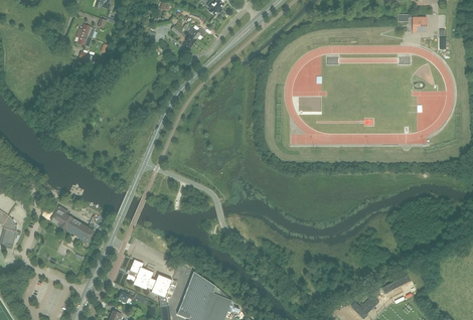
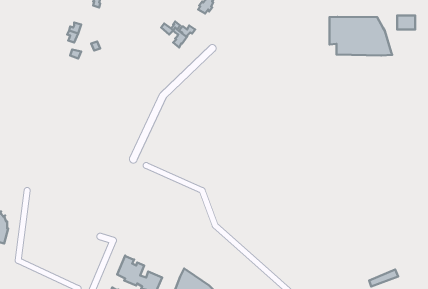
building: none -> [329,17,392,55]
building: [50,205,94,242] -> none

